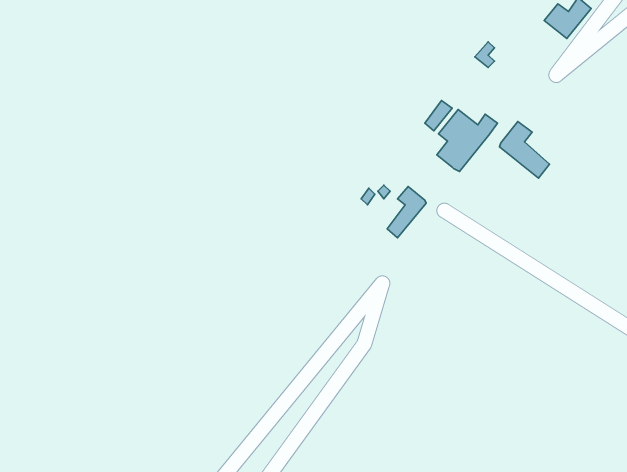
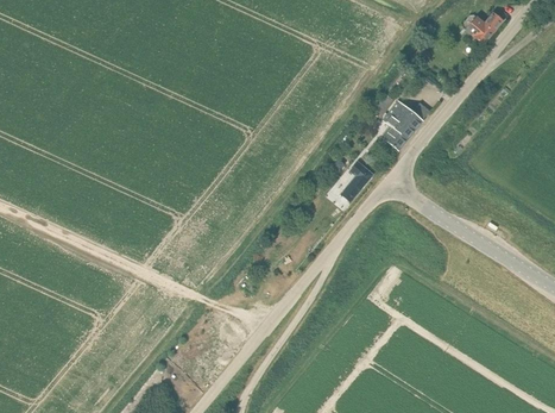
building: [499,122,549,178] -> none

